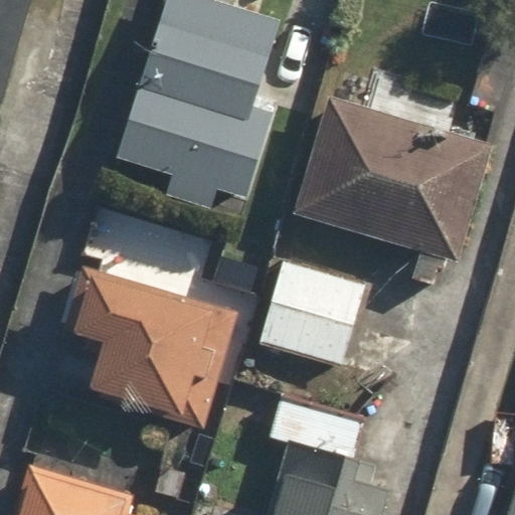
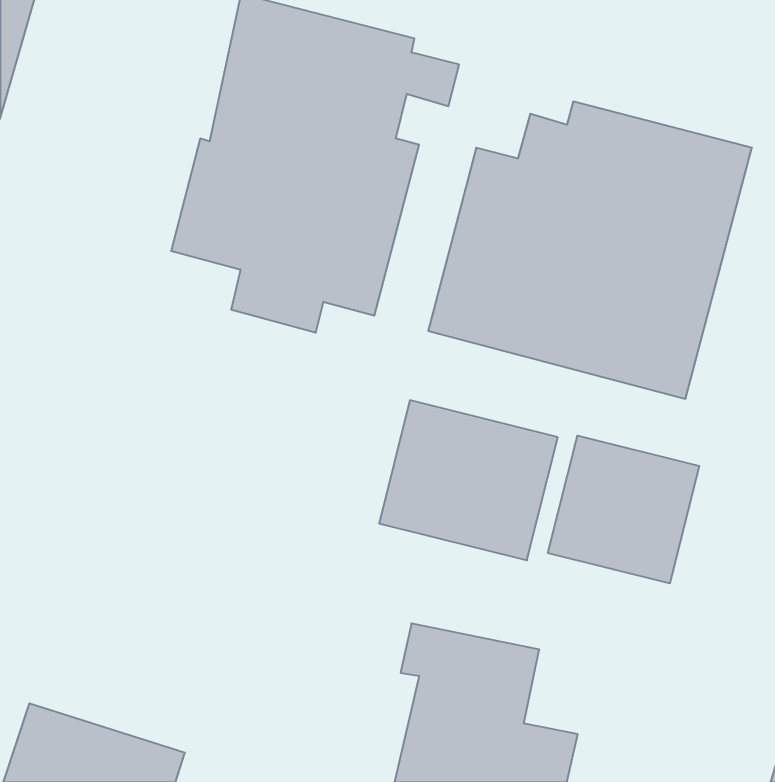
building: [65,271,243,433] -> none
building: none -> [548,436,699,583]

